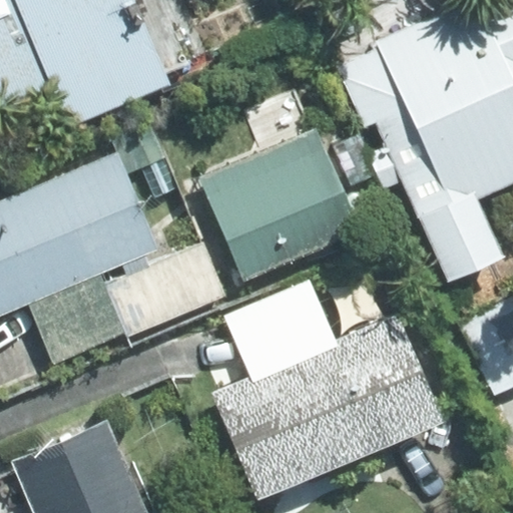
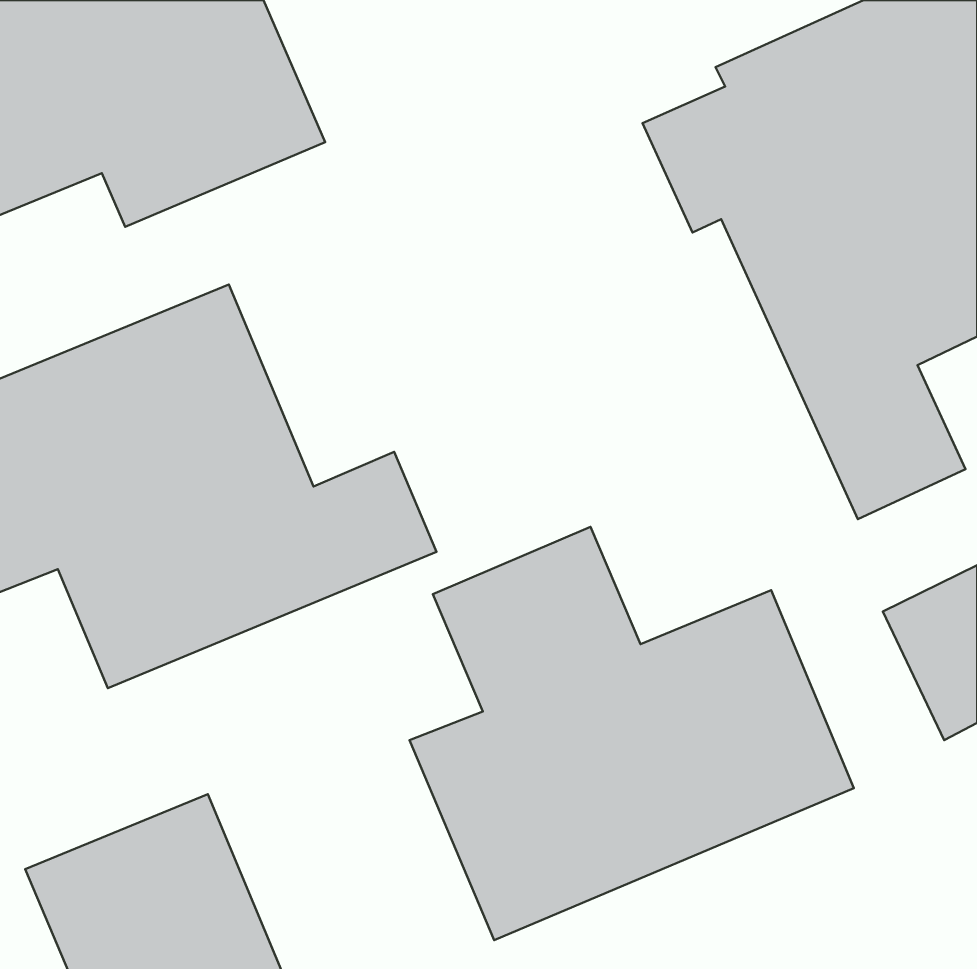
building: [201,131,359,280] -> none

